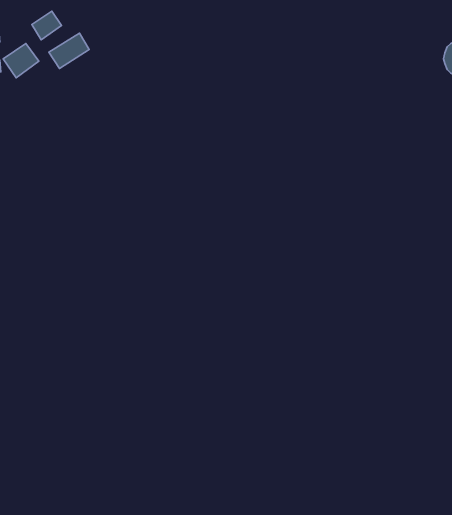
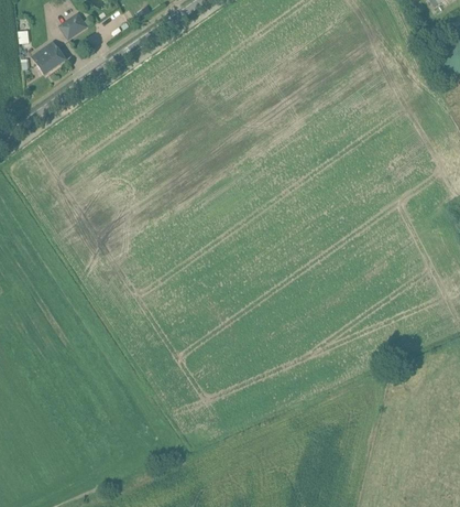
building: [49,33,89,69] -> none

